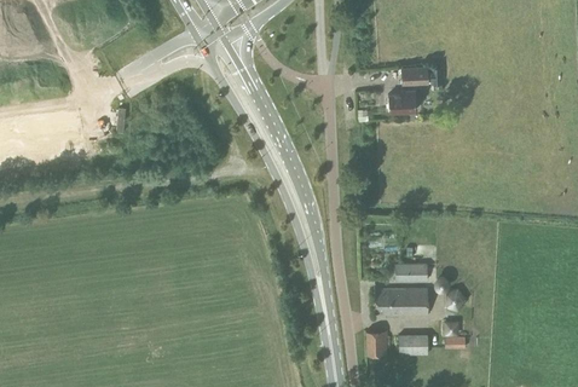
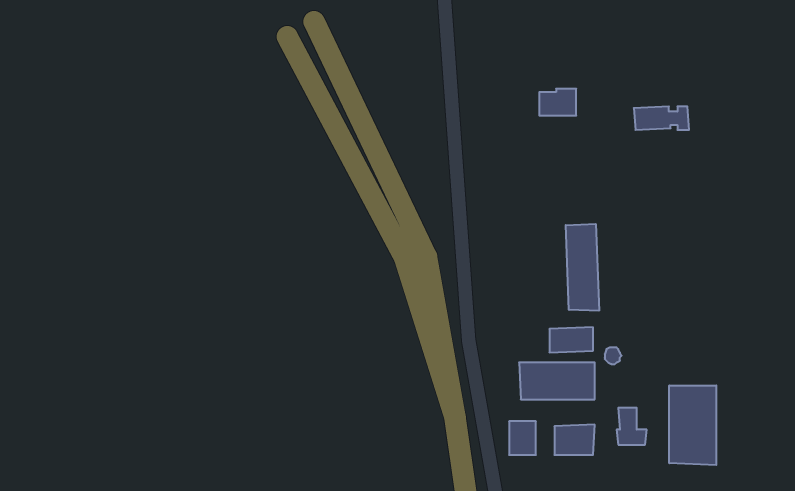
building: [403,68,443,85] -> [634,106,689,130]
building: none -> [566,224,599,311]
building: none -> [669,385,716,465]

